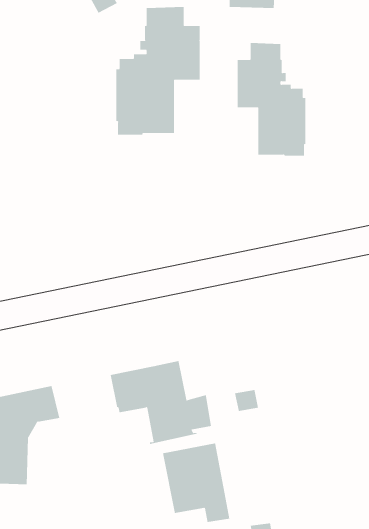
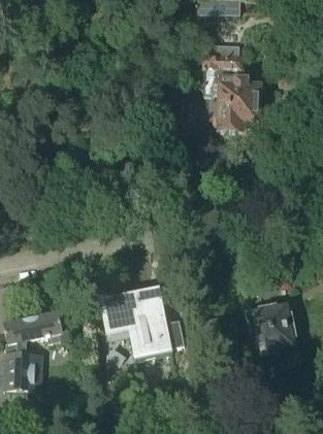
building: [116,6,200,135] -> none
building: [162,443,230,523] -> [247,302,300,365]

